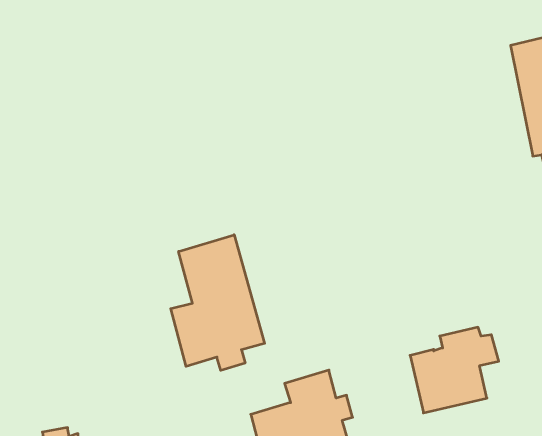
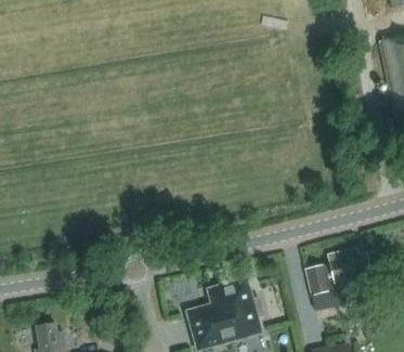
building: [171,235,265,370] -> none

